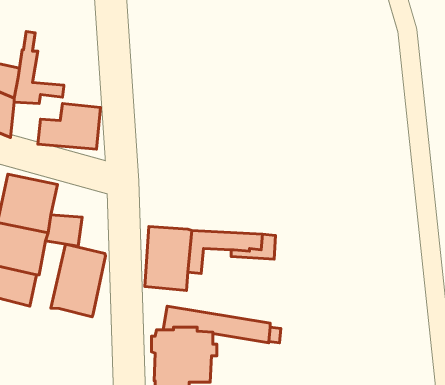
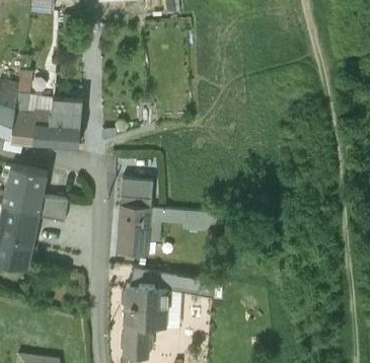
building: none -> [11,105,52,144]
building: none -> [119,182,152,210]
building: [51,244,105,317] -> none

